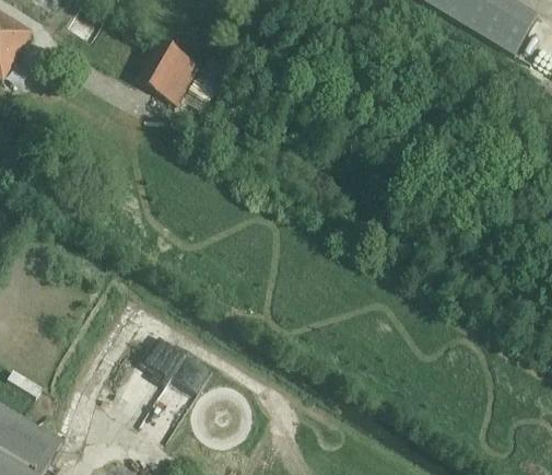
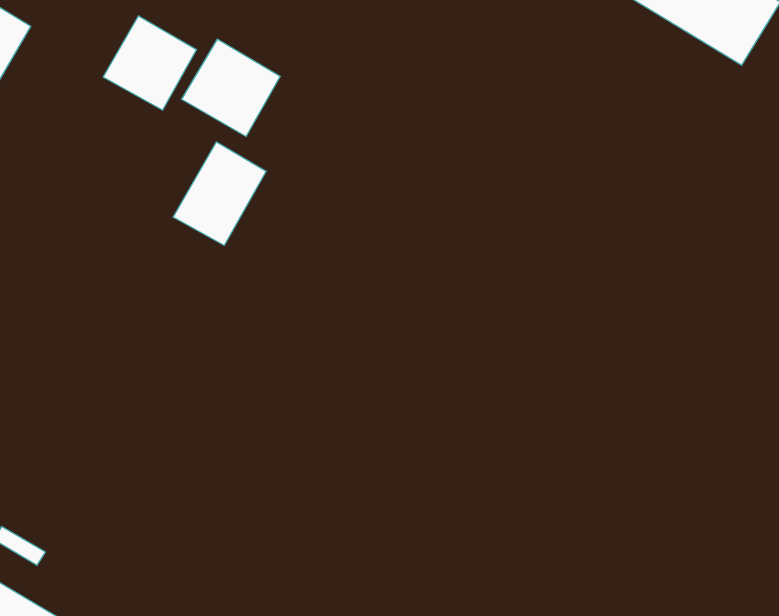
building: none -> [103,16,197,110]
building: none -> [173,142,266,245]

